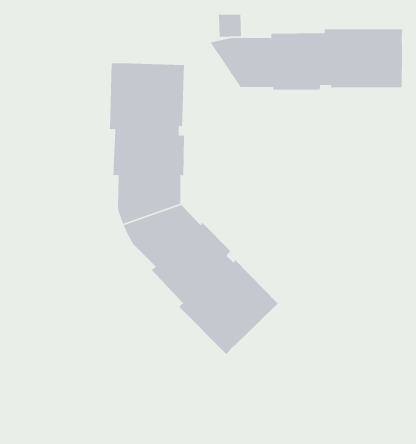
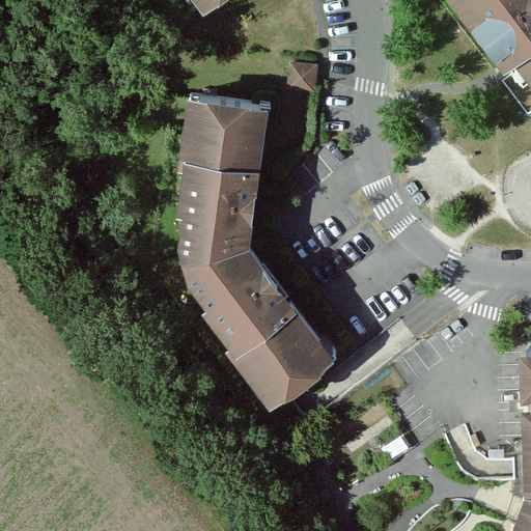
building: [209,28,403,90] -> none

